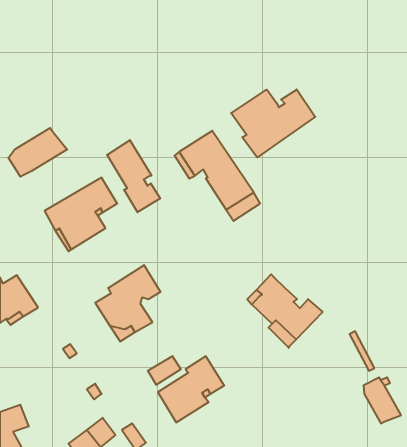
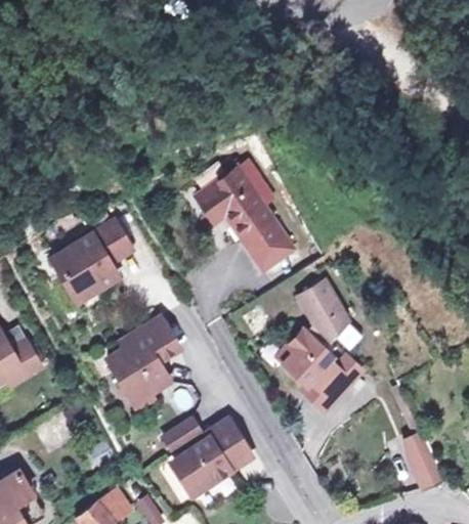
building: [231,89,315,157] -> none
building: [8,128,67,177] -> none
building: [107,140,160,212] -> none
building: none -> [296,279,345,343]

